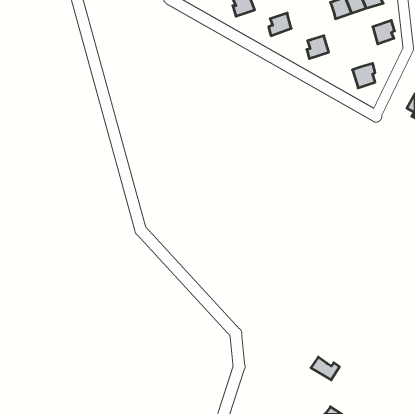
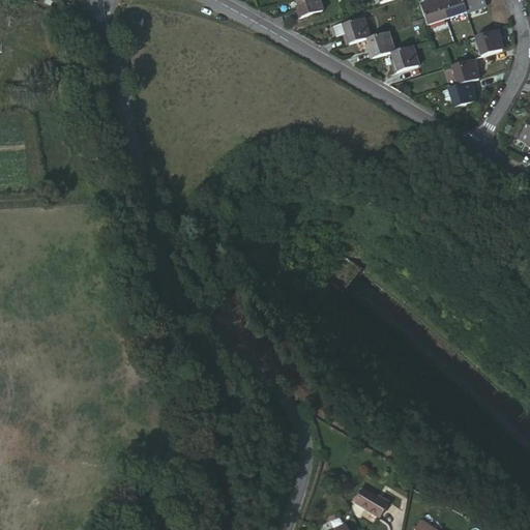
building: none -> [367,30,395,59]
building: none -> [453,57,480,85]
building: [311,357,339,380] -> [352,485,388,514]

